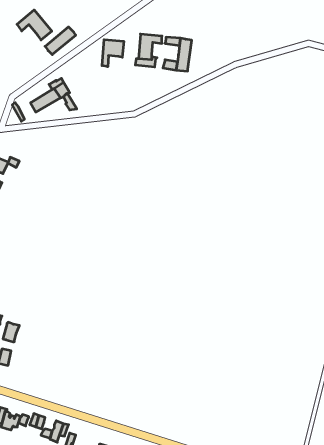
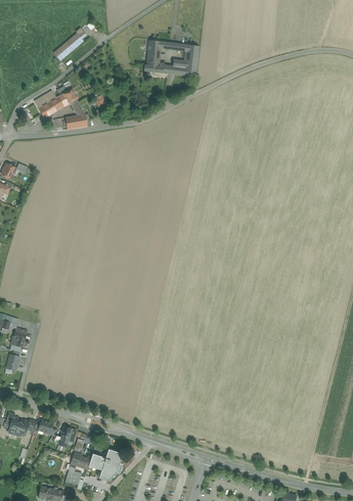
building: [17,10,52,40] -> none
building: [102,40,124,67] -> none

